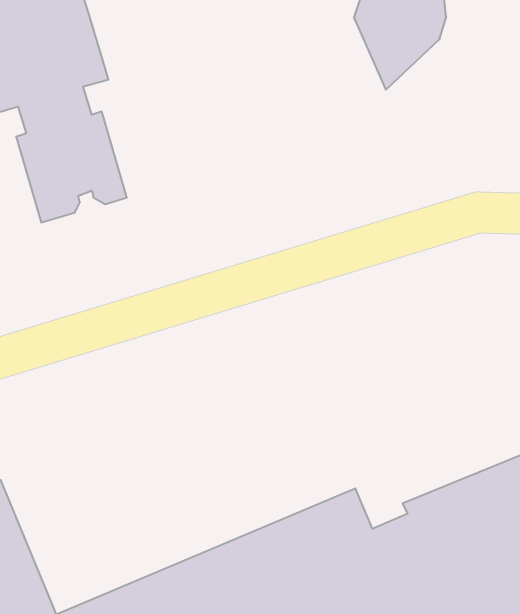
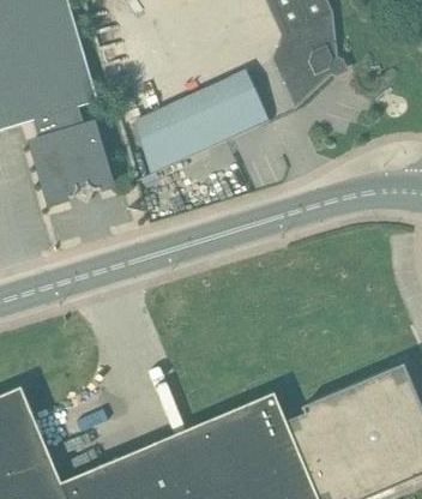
building: none -> [117,66,255,175]

